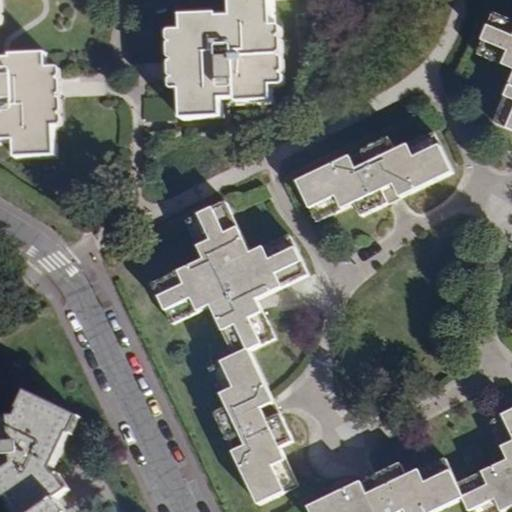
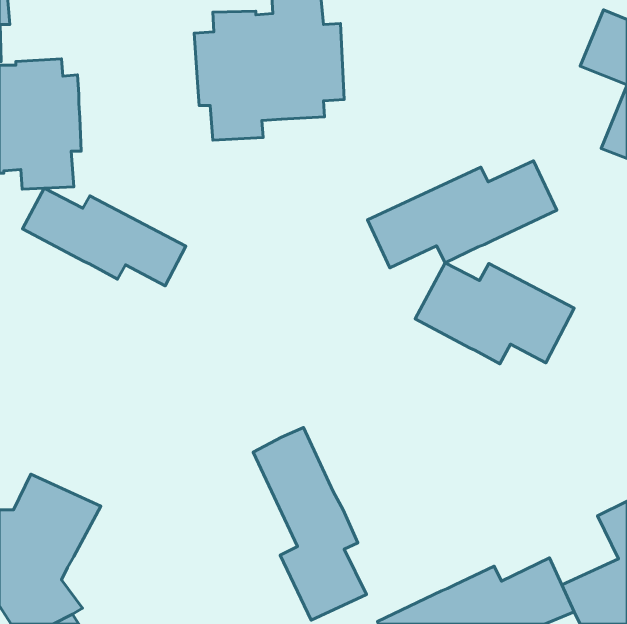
building: none -> [22,188,186,286]
building: [149,198,306,356] -> none
building: none -> [415,263,574,364]

